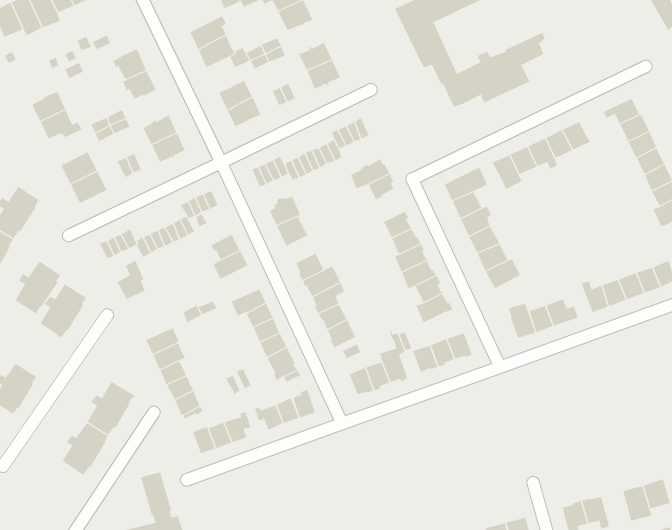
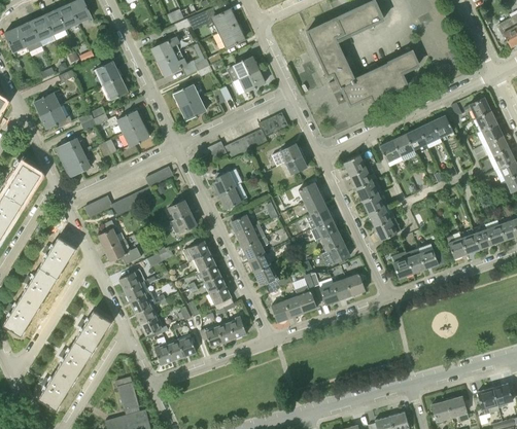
building: [14,260,61,314] -> [22,266,57,307]
building: none -> [105,239,141,263]
building: none -> [38,369,73,409]

